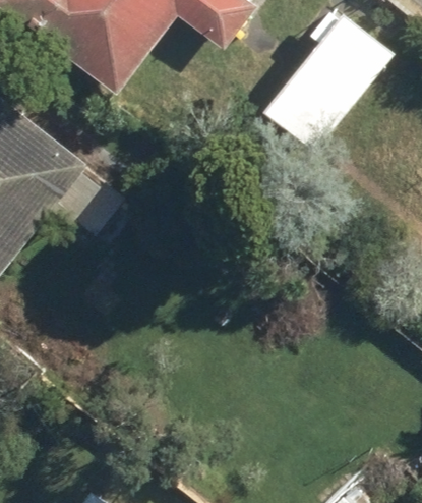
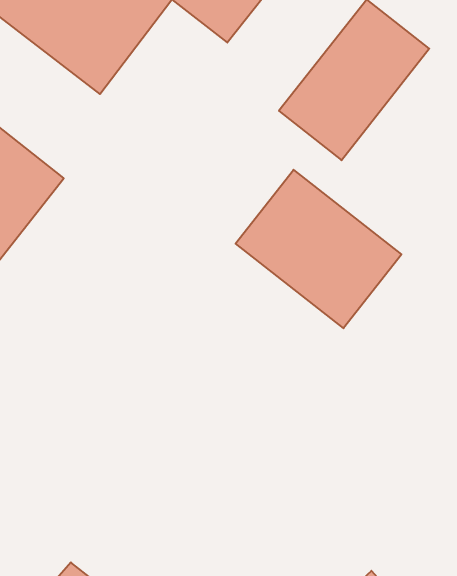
building: none -> [236,170,401,328]

